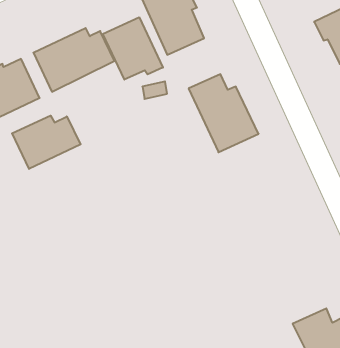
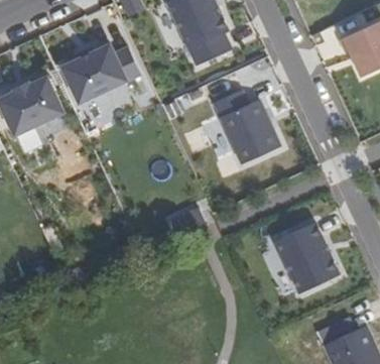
building: [103,17,163,80] -> none
building: [12,116,81,169] -> none
building: none -> [273,224,338,301]

